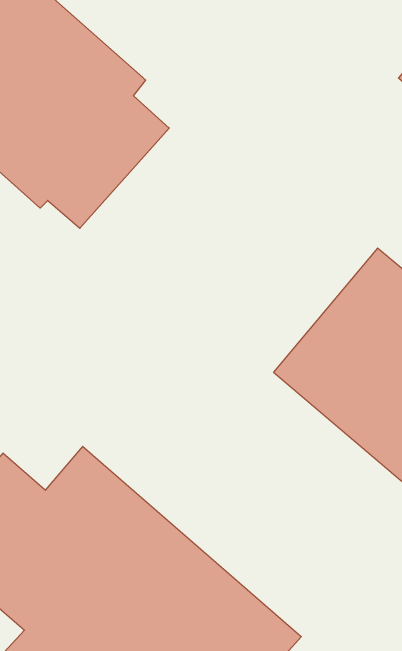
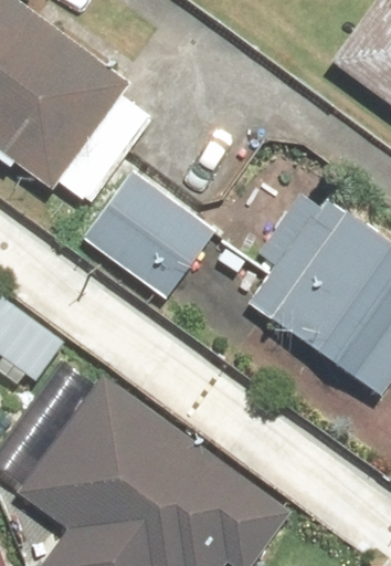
building: none -> [78,153,225,304]

